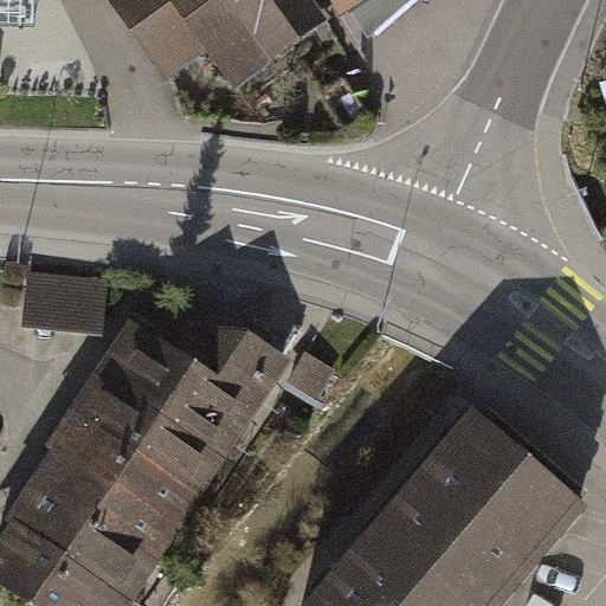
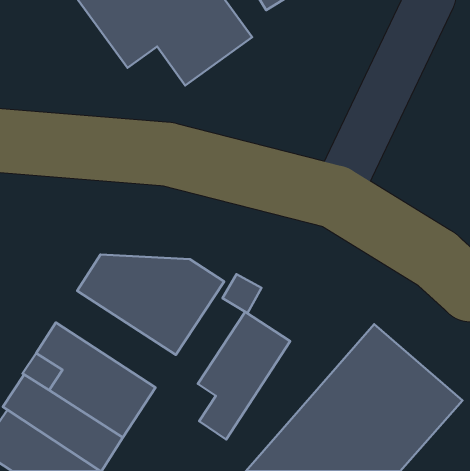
building: [19,269,103,330] -> none
building: [71,370,224,494] -> none
building: none -> [198,312,290,439]

